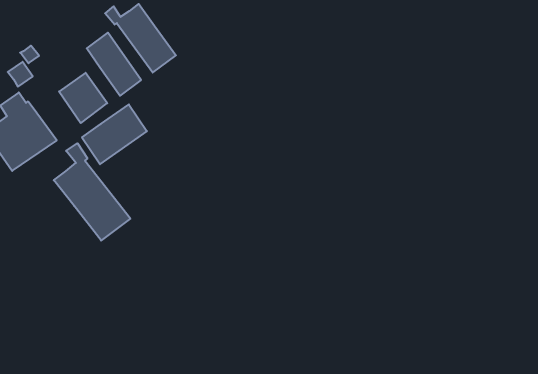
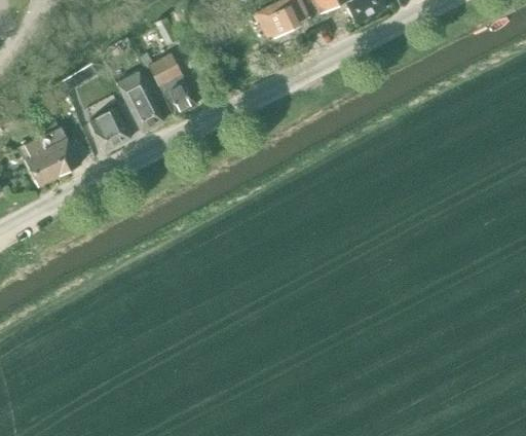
building: [82,104,147,164] -> none
building: [54,143,130,241] -> none

